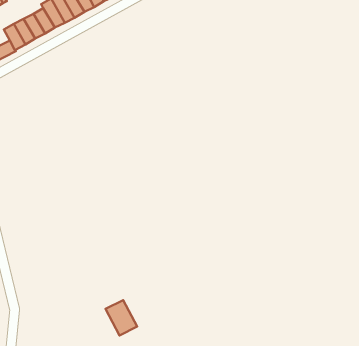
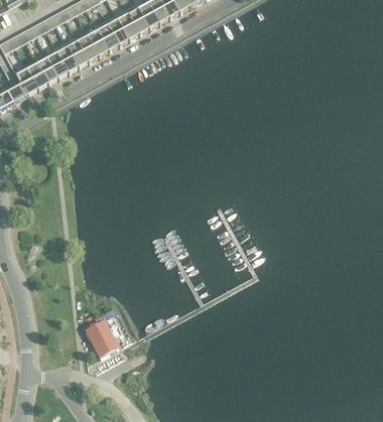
building: [106,300,137,335] -> [85,317,117,354]

